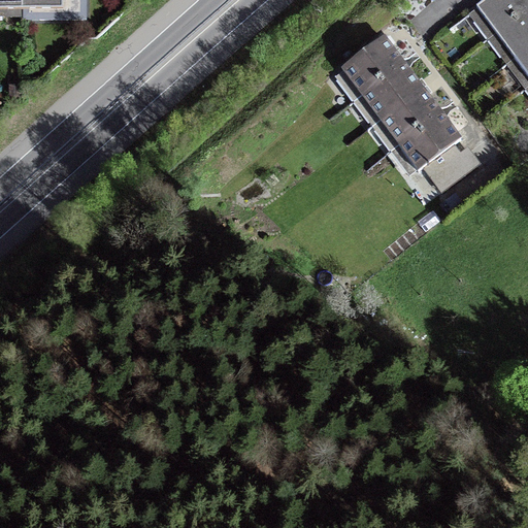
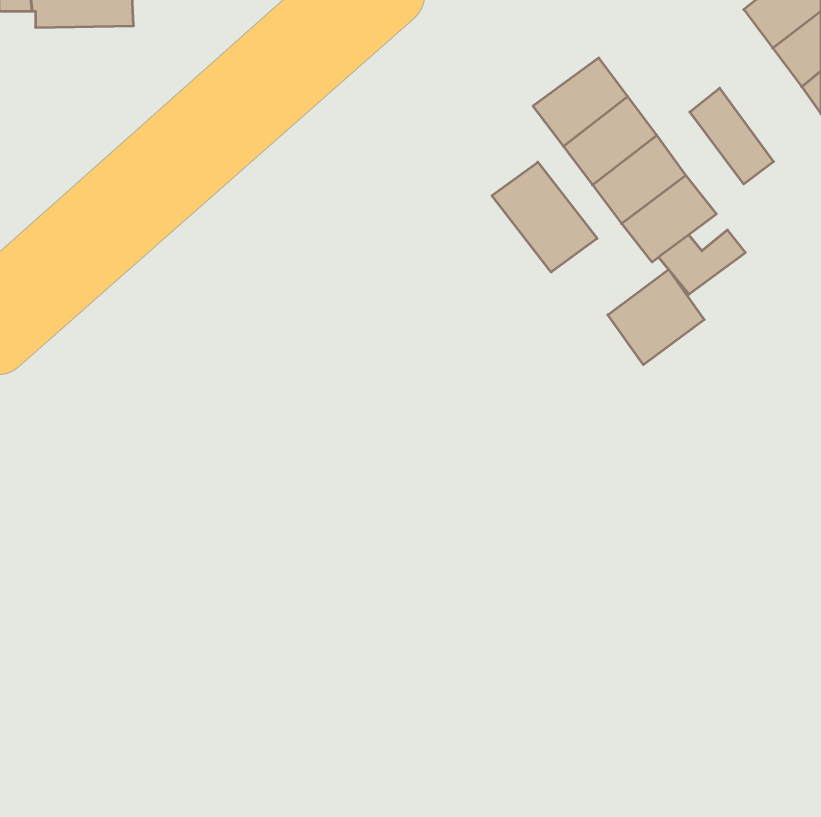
building: none -> [690,88,774,184]
building: none -> [492,162,597,272]
building: none -> [608,270,704,365]

